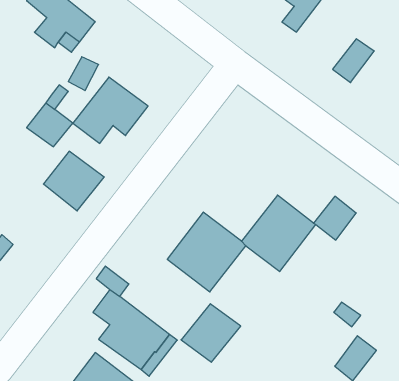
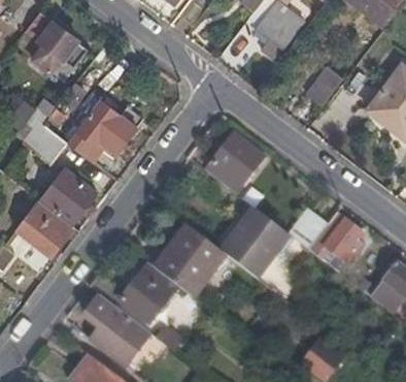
building: none -> [205,134,263,194]
building: none -> [14,201,71,256]
building: none -> [308,217,362,266]
building: [181,304,241,362] -> [122,266,176,320]

